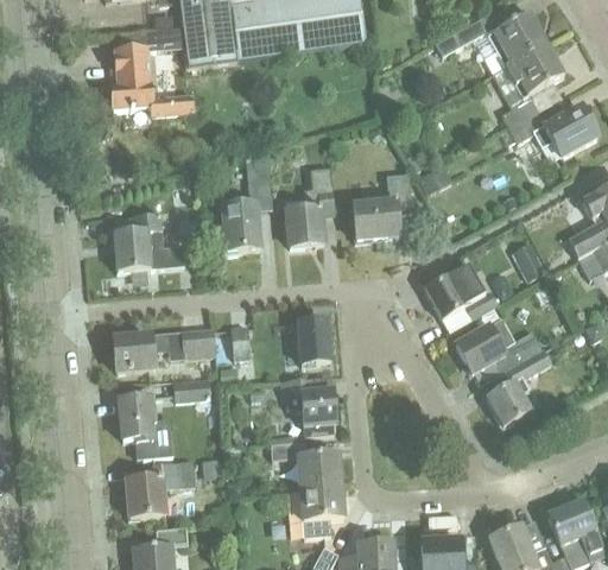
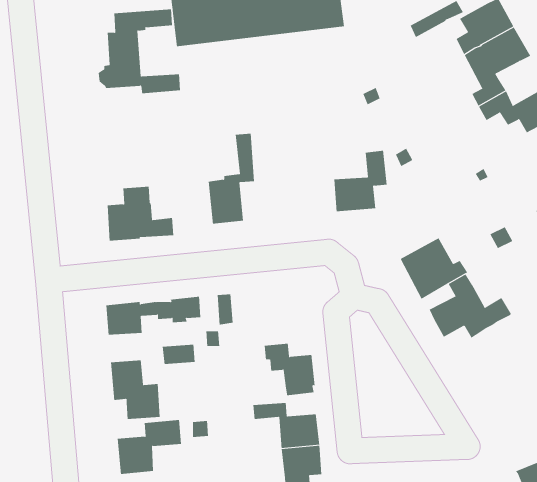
building: [286,169,334,245] -> none
building: [297,318,329,363] -> none
building: [484,348,550,425] -> none

